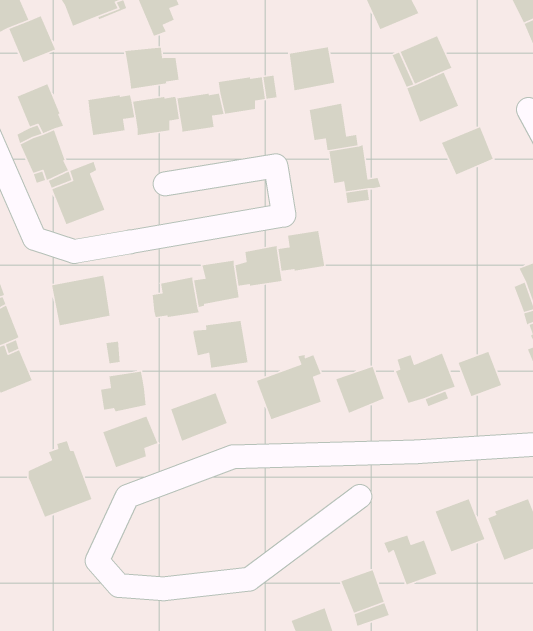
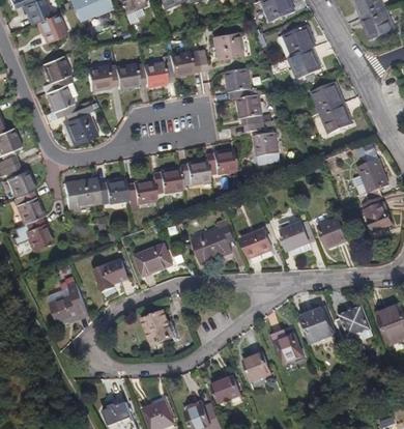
building: [124,47,180,89] -> none
building: none -> [317,101,350,133]
building: none -> [253,131,279,162]
building: [193,320,248,369] -> none
building: [100,371,147,412] -> [98,174,127,200]
building: none -> [142,316,173,350]

